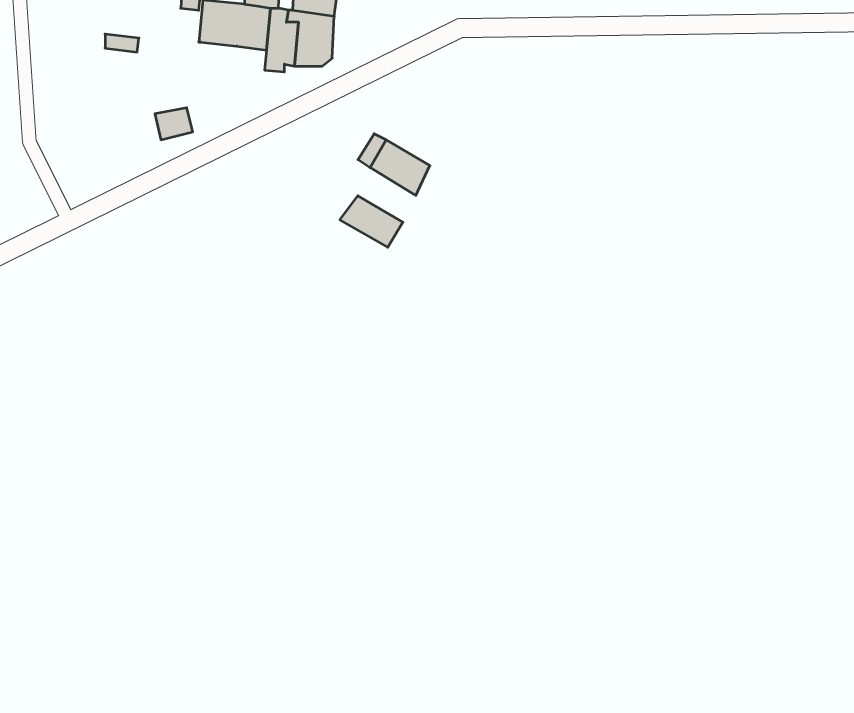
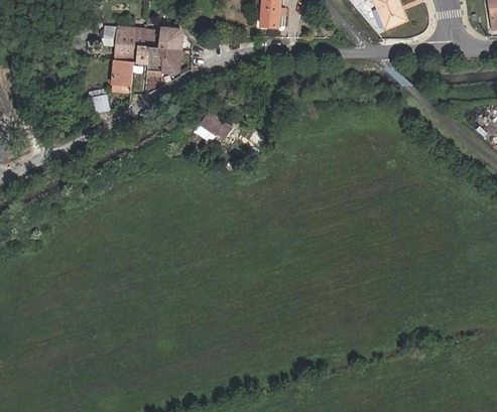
building: none -> [113,61,133,88]
building: [340,196,403,247] -> none

